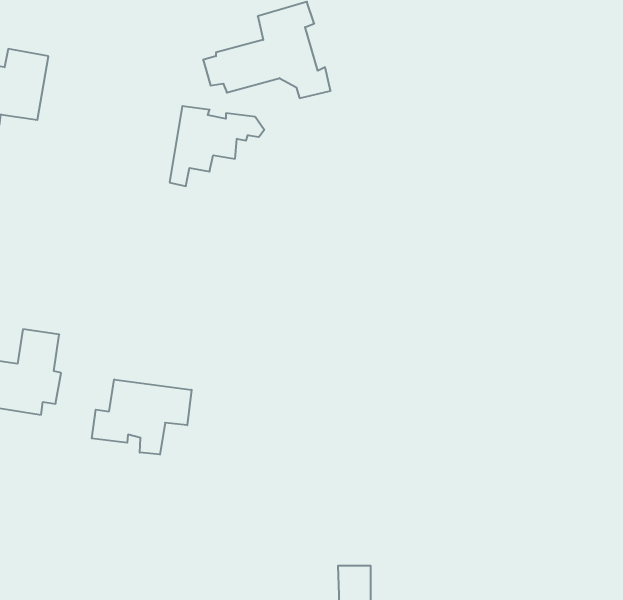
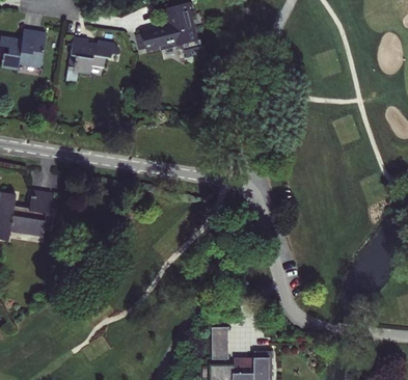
building: [170,106,264,186] -> [65,37,119,83]
building: [92,379,192,455] -> none

